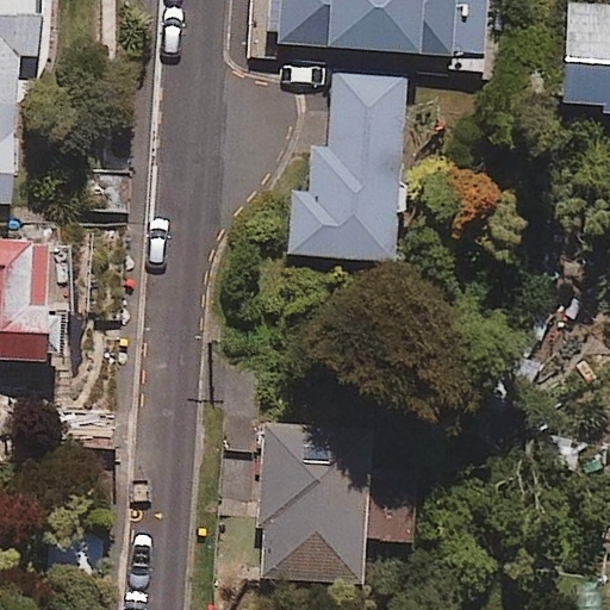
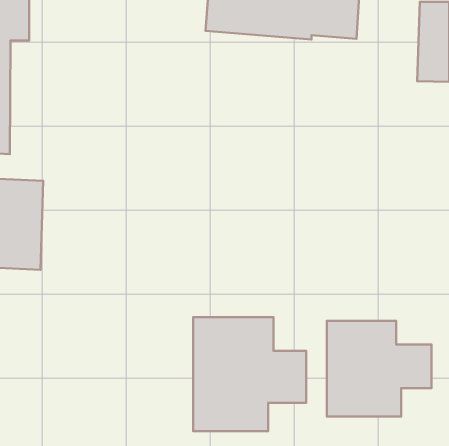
building: [288,69,406,260] -> none
building: none -> [327,321,431,416]

